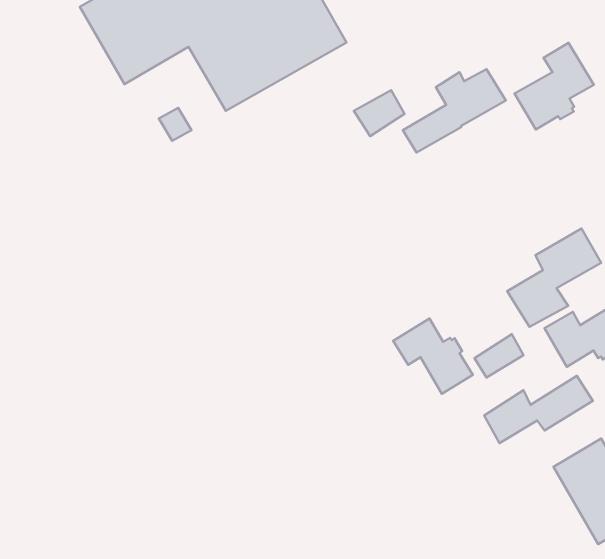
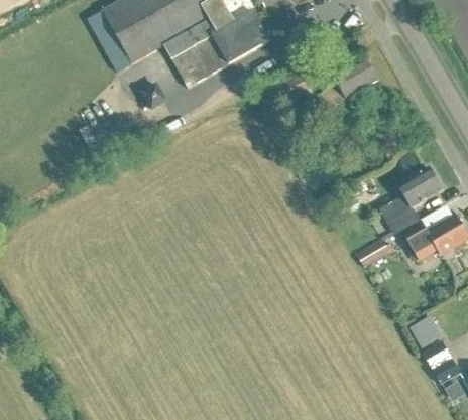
building: [515,43,594,129] -> none
building: [393,318,473,394] -> none
building: [484,376,593,443] -> none

